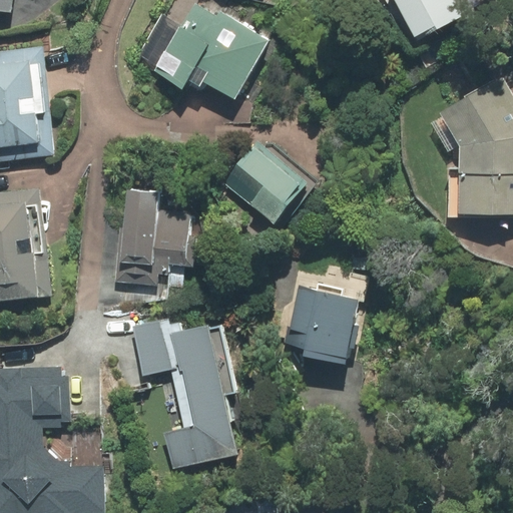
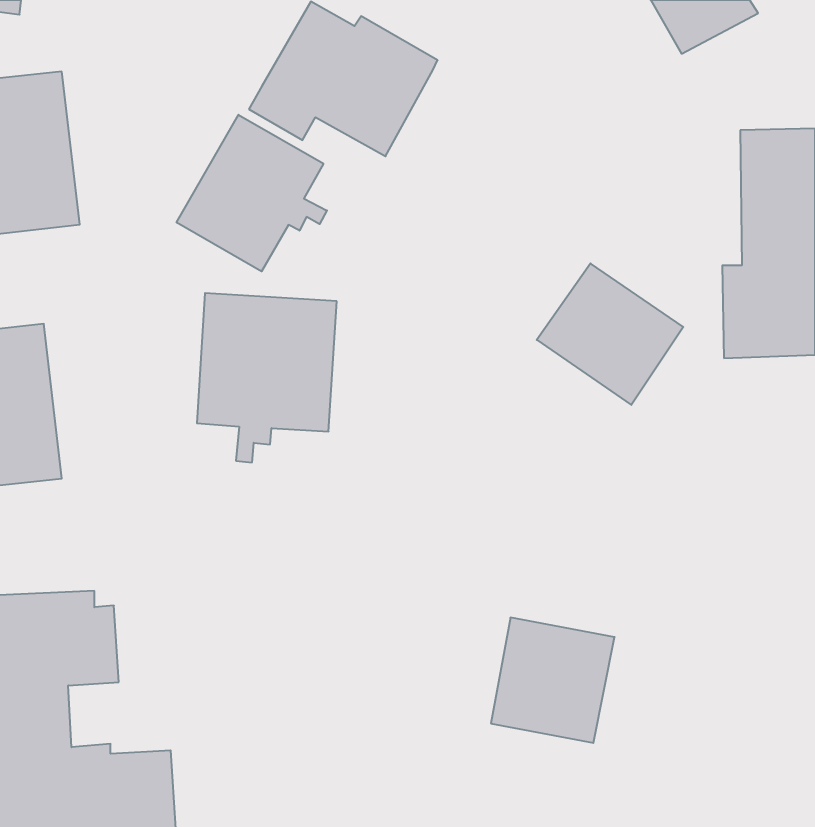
building: none -> [177,115,327,271]
building: [219,142,310,229] -> [537,263,683,405]
building: [286,285,362,362] -> [491,618,615,743]
building: [129,317,243,469] -> none

